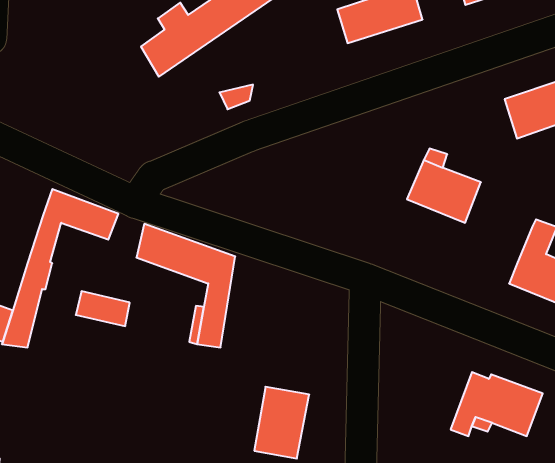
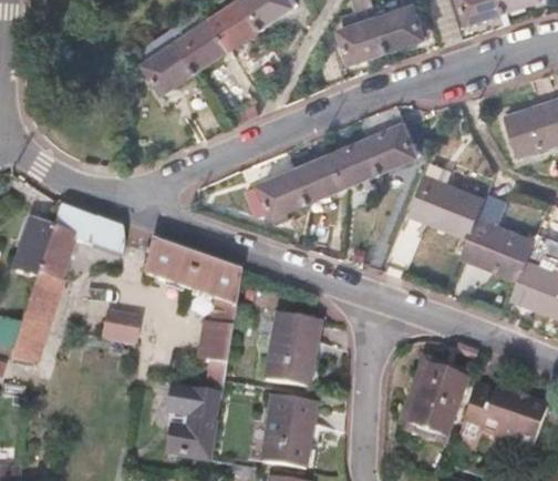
building: none -> [246,124,417,223]
building: none -> [462,193,535,278]
building: none -> [14,222,52,277]
building: none -> [264,315,319,388]
building: none -> [403,368,464,442]
building: none -> [166,386,218,460]

